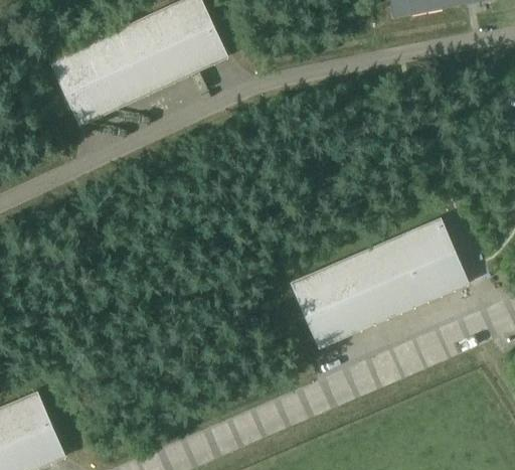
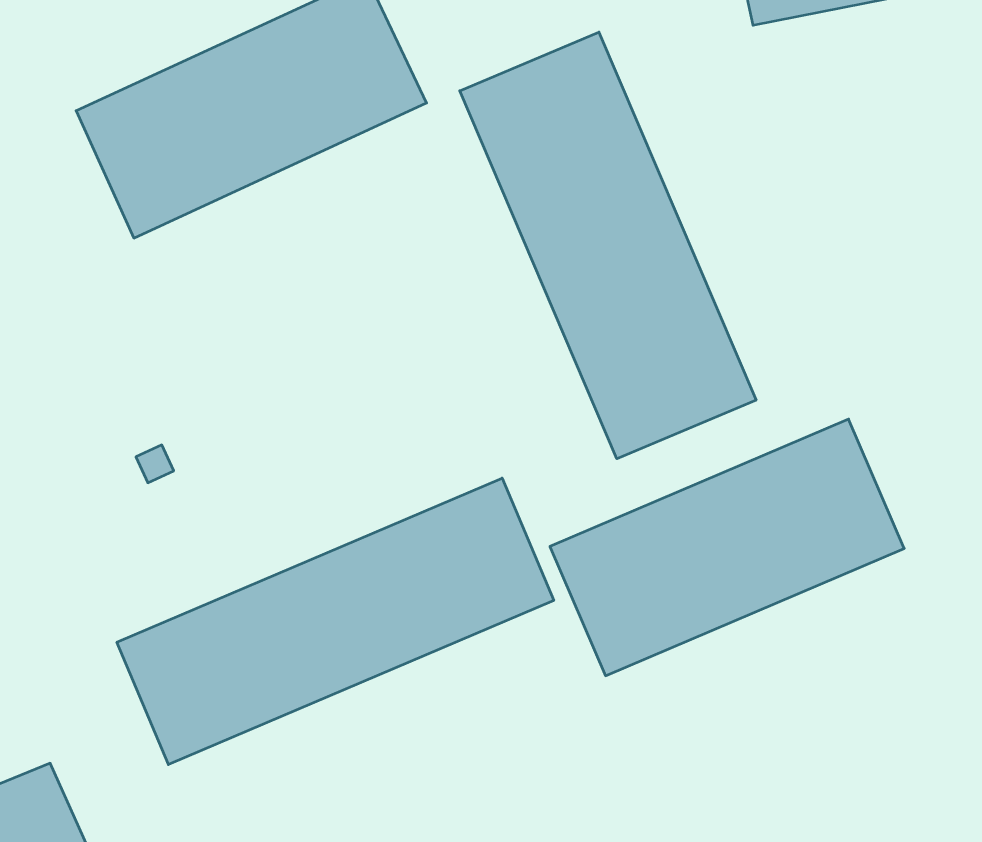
building: none -> [460,32,756,459]
building: none -> [117,478,554,765]

